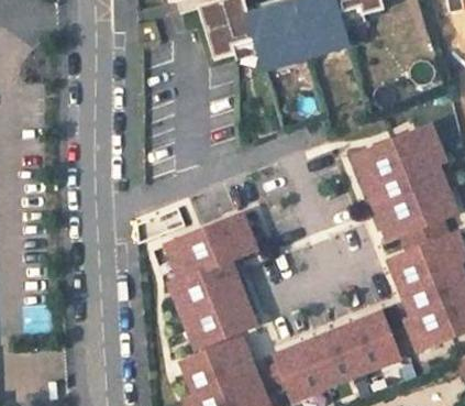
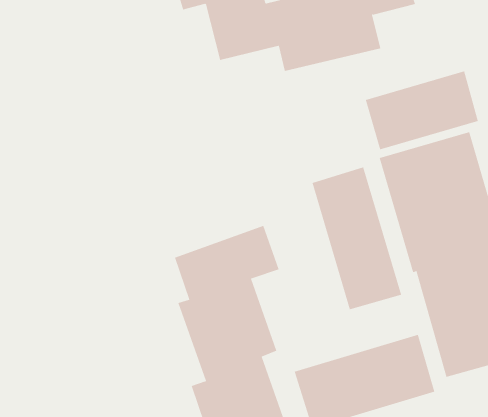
building: none -> [365,71,479,150]
building: none -> [312,167,402,310]

